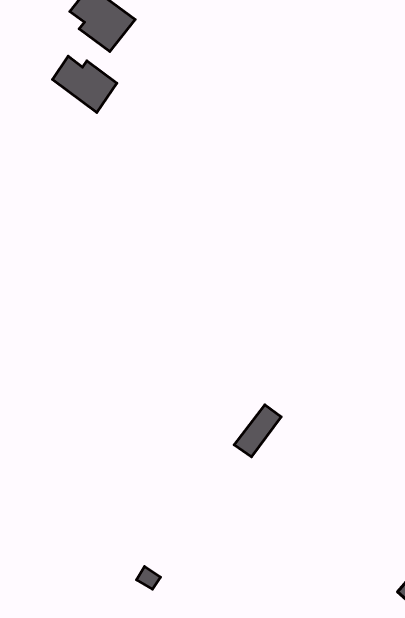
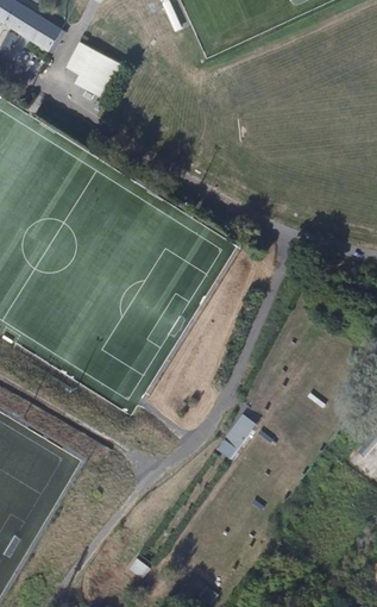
building: [52,56,117,112] -> none

